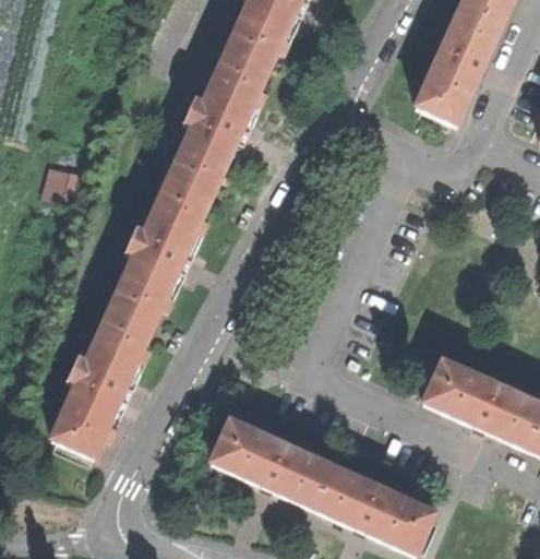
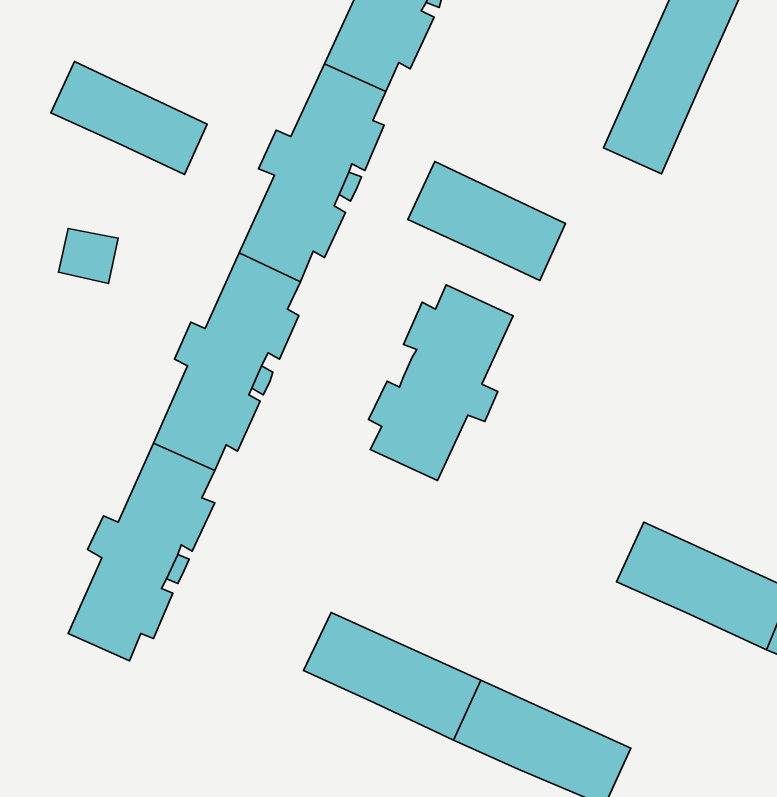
building: none -> [51,61,207,174]
building: none -> [408,162,566,281]
building: none -> [369,285,513,481]

